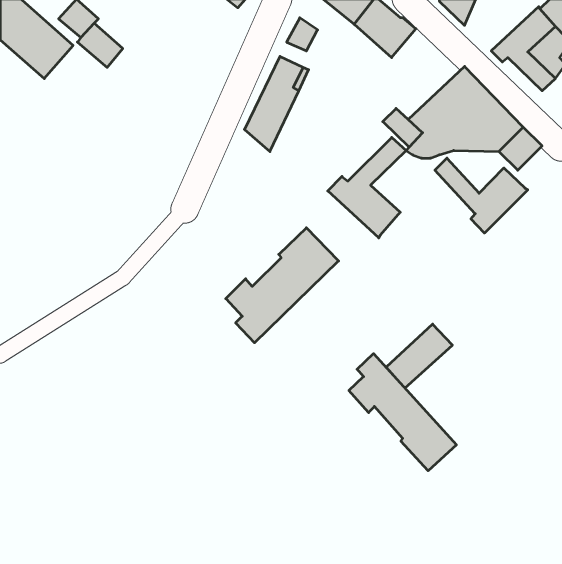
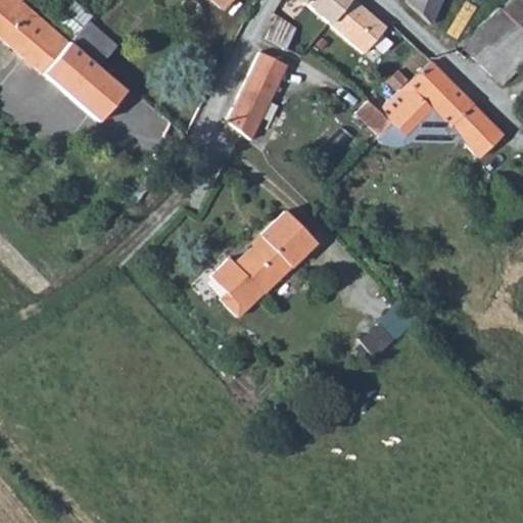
building: none -> [44,42,126,121]
building: [328,137,406,238] -> none
building: [435,158,528,233] -> none
building: [349,354,456,471] -> none

